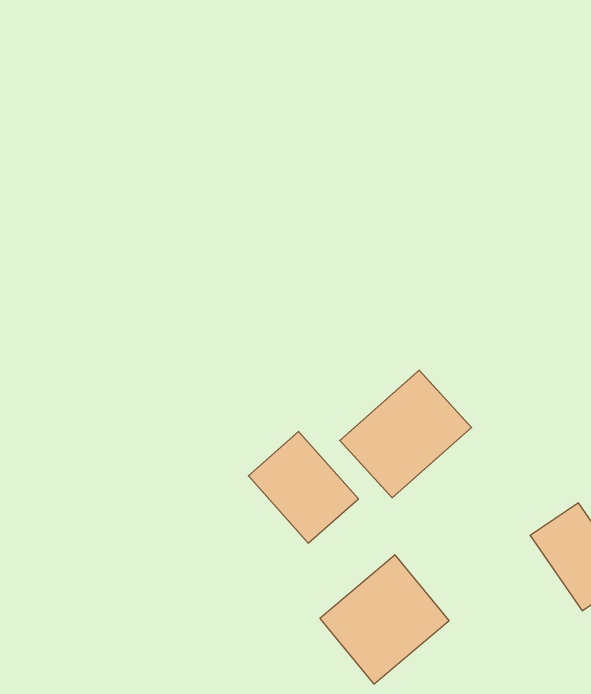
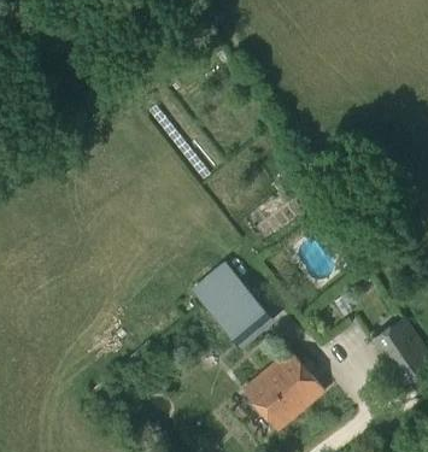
building: [340,370,472,498] -> none

